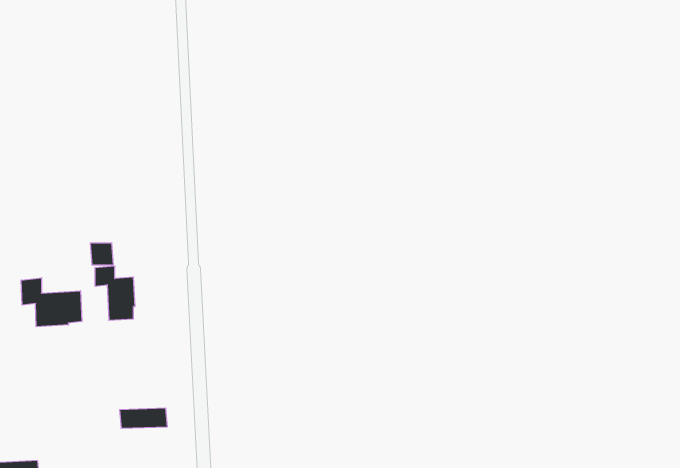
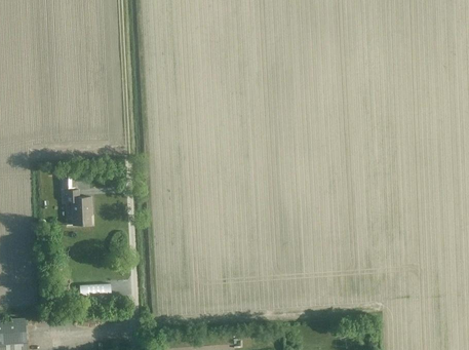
building: [21,278,82,327] -> none

